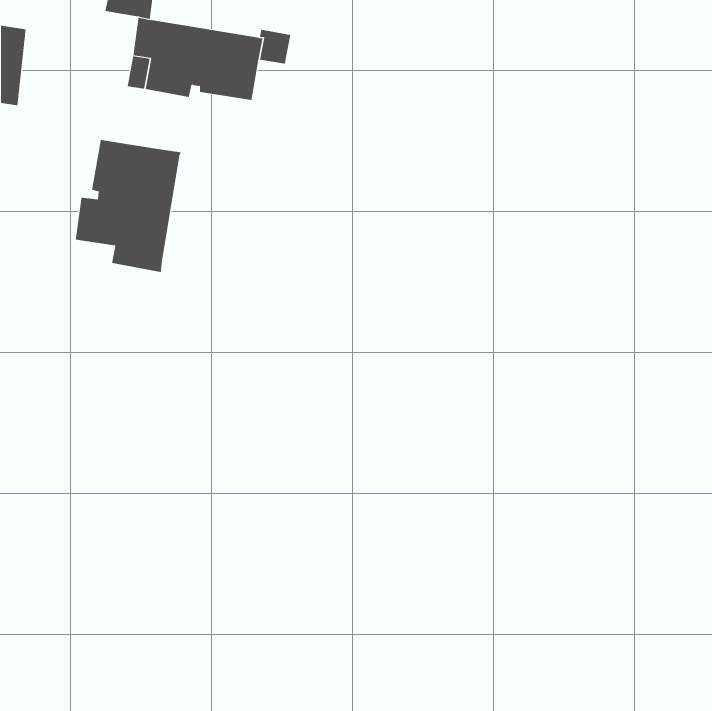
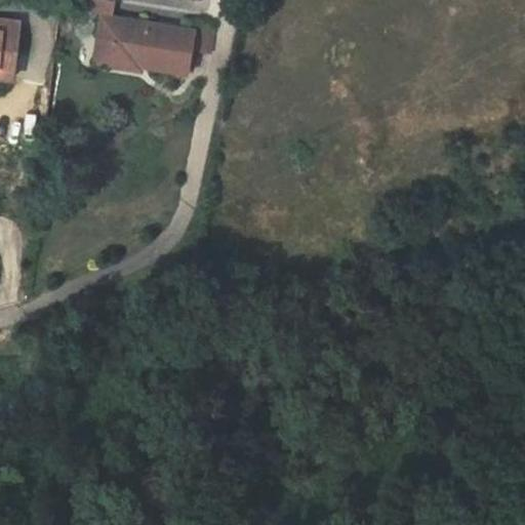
building: [75,139,181,273] -> none

